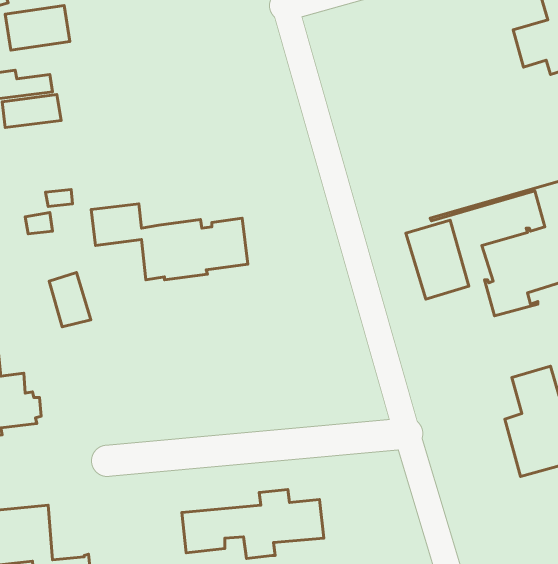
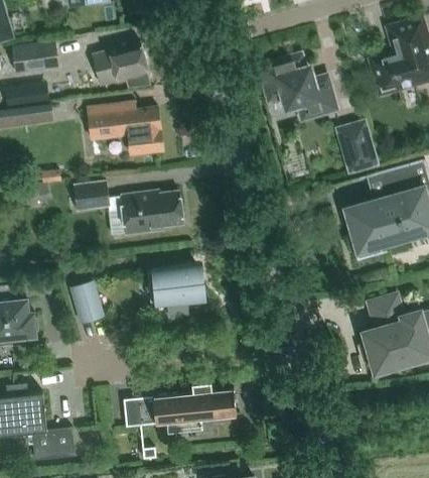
building: none -> [94,43,150,88]
building: none -> [264,56,335,120]
building: none -> [87,102,163,155]
building: [406,220,469,299] -> [335,120,380,175]
building: [49,272,91,327] -> [73,282,102,321]
building: none -> [147,267,200,318]

